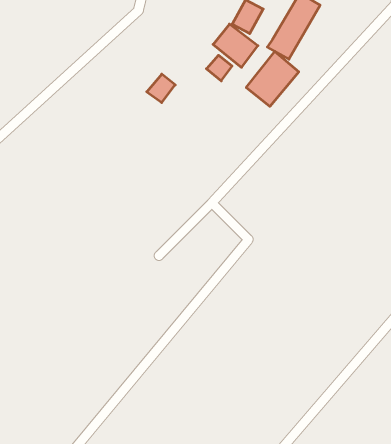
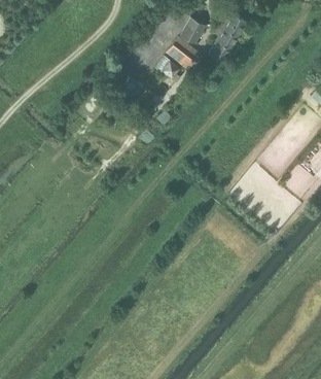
building: [246,51,299,106] -> none

